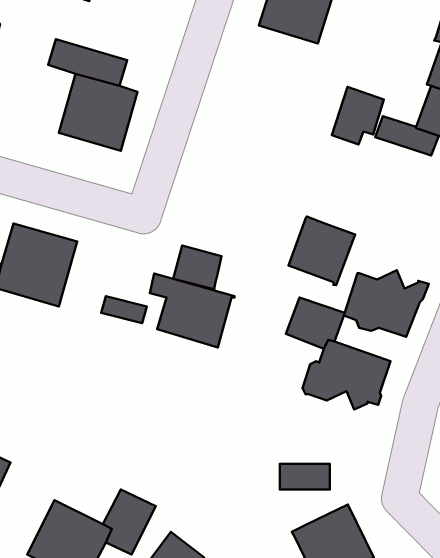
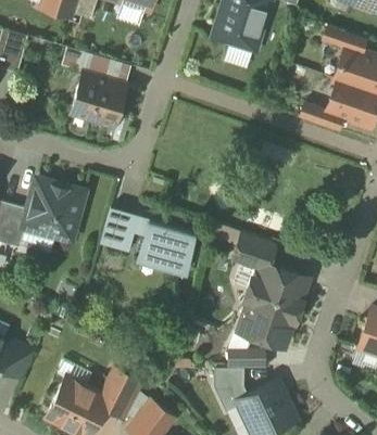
building: [332,87,384,144] -> none
building: [289,216,355,285] -> none
building: [173,245,222,289] -> [103,207,138,239]
building: [344,270,429,337] -> [238,299,299,347]
building: none -> [213,370,248,411]

